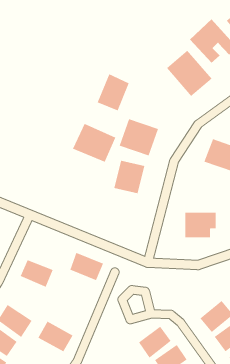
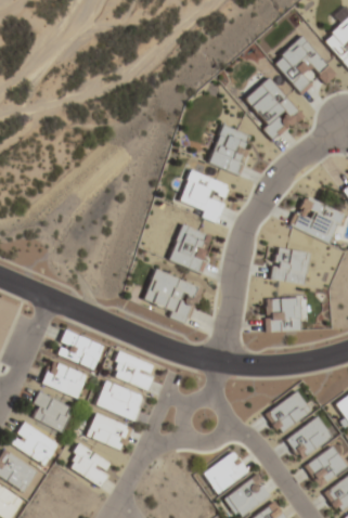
building: [97,74,130,111] -> [208,122,253,173]
building: [72,123,116,162] -> [140,268,199,321]
building: none -> [270,244,312,285]
building: none -> [55,329,104,370]
building: none -> [95,380,144,419]
building: none -> [266,390,311,433]
building: none -> [28,392,74,431]
building: none -> [86,413,130,450]

